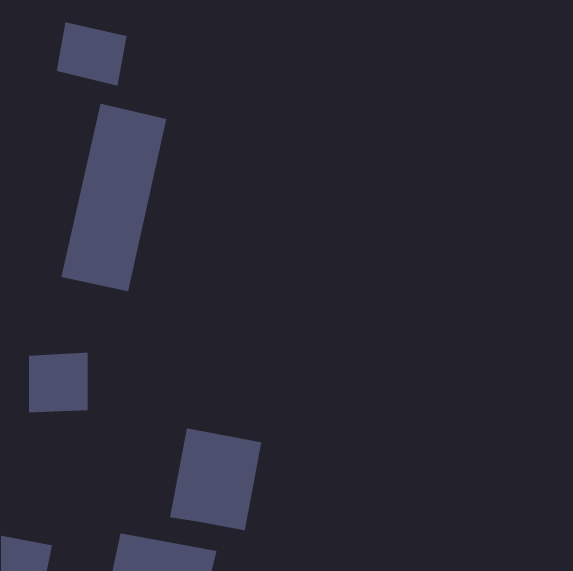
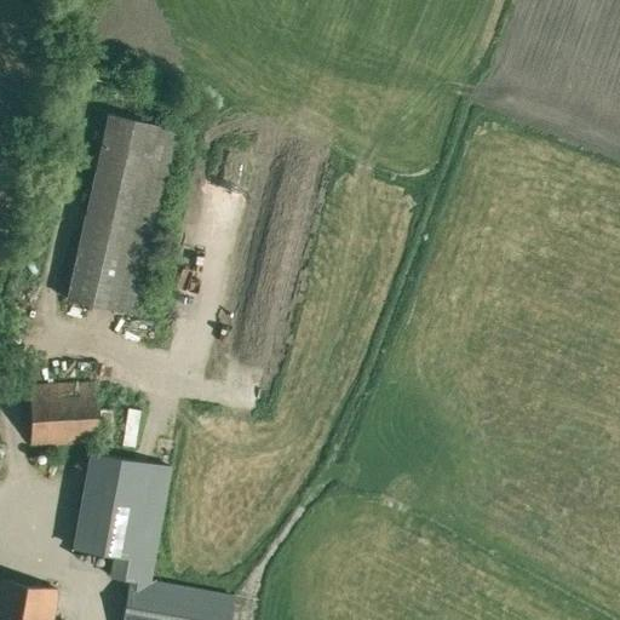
building: [56,22,127,87] -> none
building: [169,428,262,531] -> [71,453,172,564]

